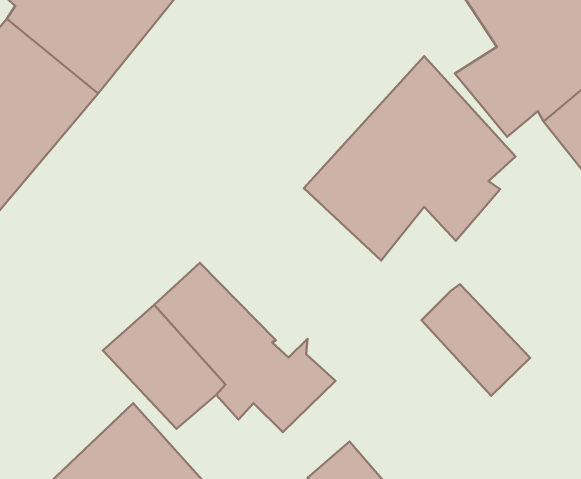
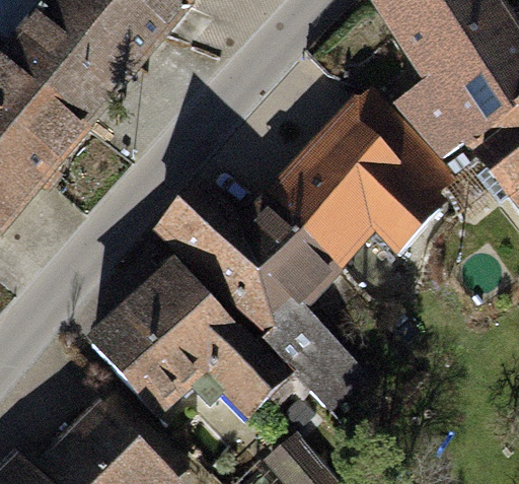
building: none -> [157,193,358,406]
building: [422,284,530,396] -> none

